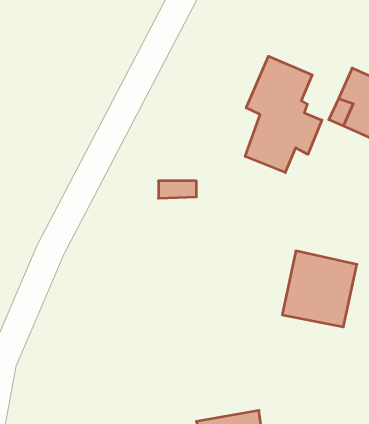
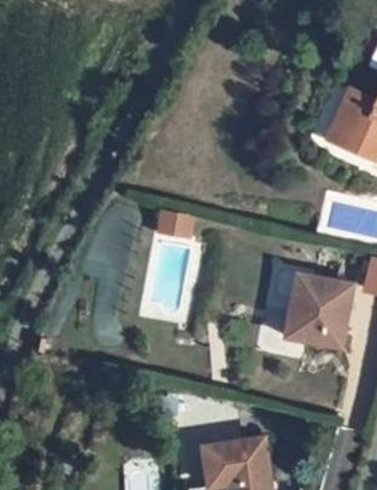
building: [245,56,322,173] -> none

